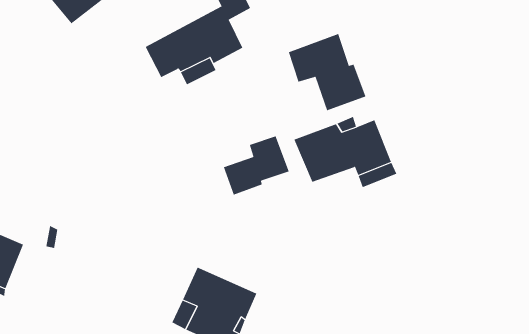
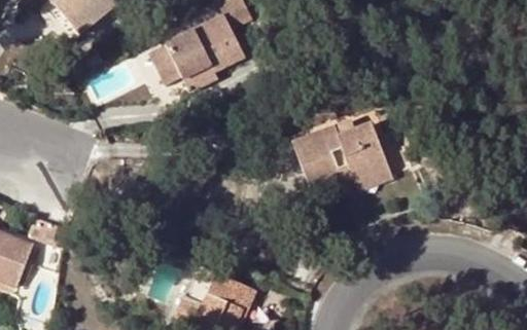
building: [288,33,366,111] -> none
building: [223,135,289,195] -> none

